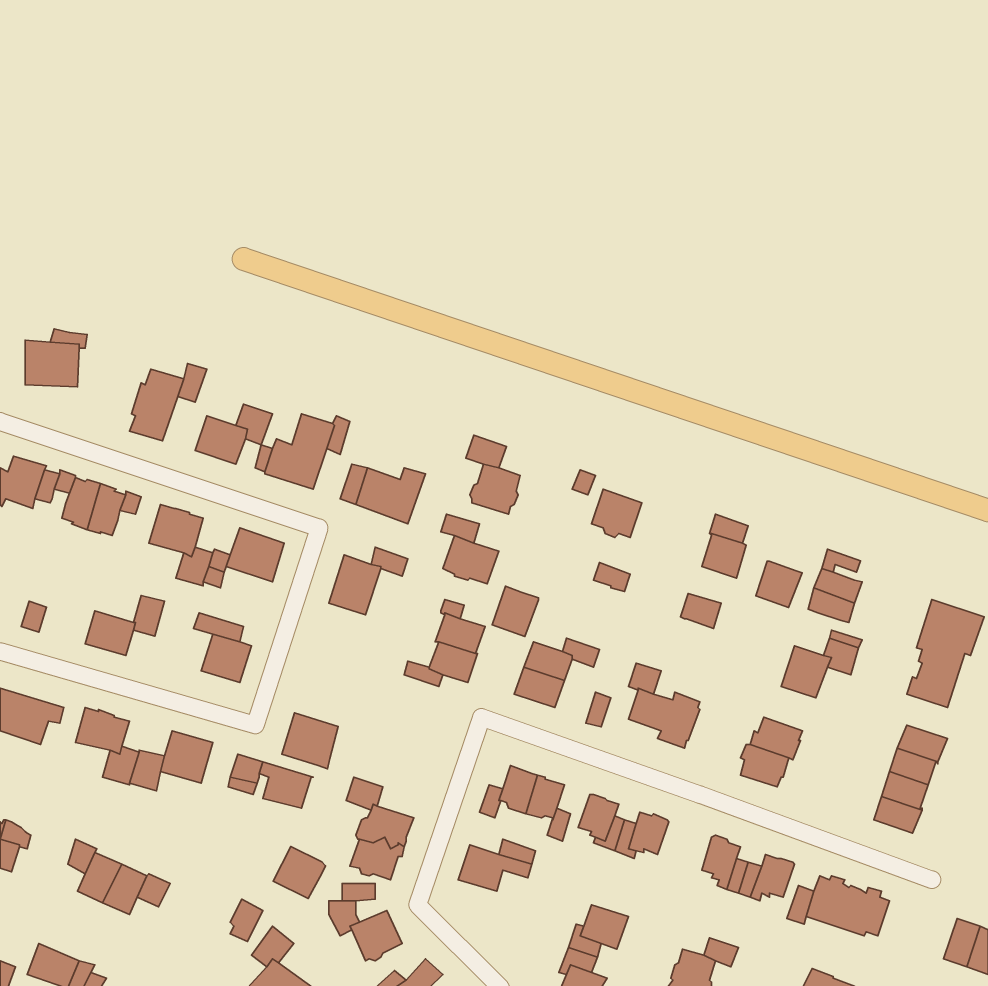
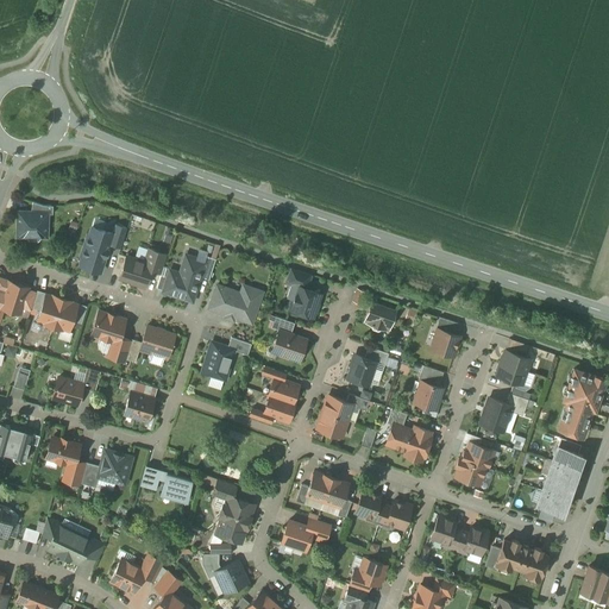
building: [756,561,802,608] -> [414,382,442,410]
building: [492,586,538,637] -> [347,354,376,385]
building: [282,713,338,769] -> none
building: [273,846,326,899] -> [112,559,144,591]

